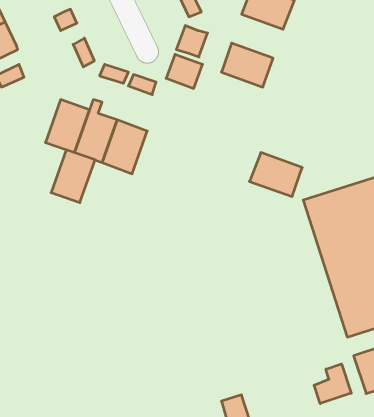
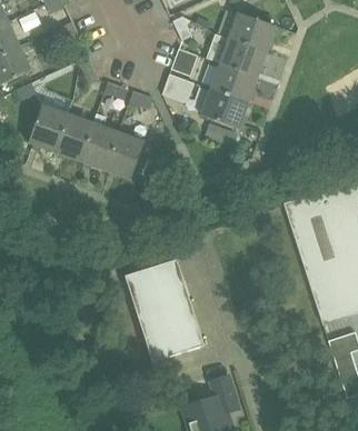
building: none -> [219,38,265,77]
building: [51,150,95,203] -> [29,104,68,151]
building: [249,153,302,196] -> [200,89,247,128]
building: none -> [125,258,202,359]
building: [314,364,351,404] -> none

